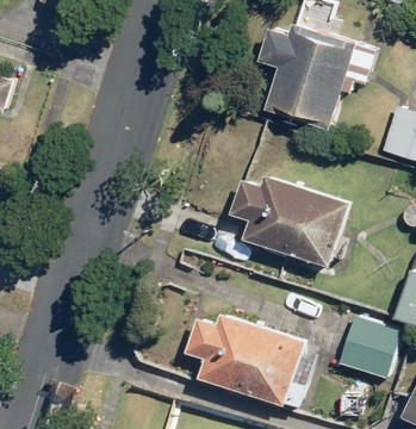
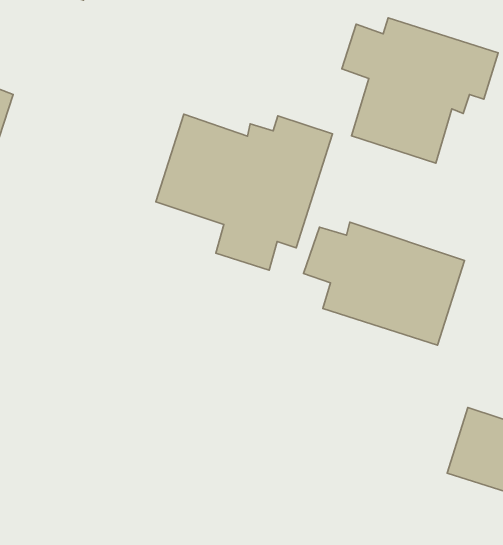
building: none -> [156,114,333,270]
building: [185,313,316,404] -> none

